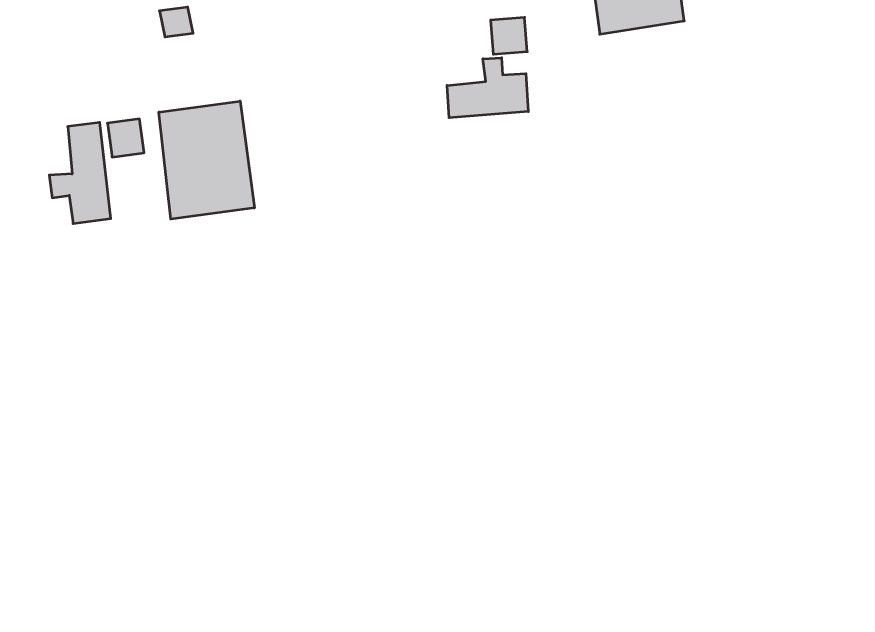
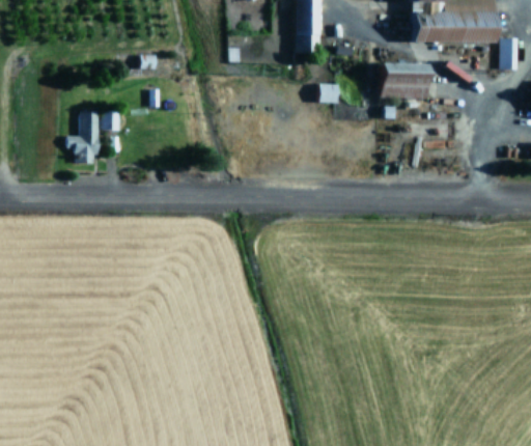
building: [447,58,528,118] -> none
building: [159,101,254,219] -> none

